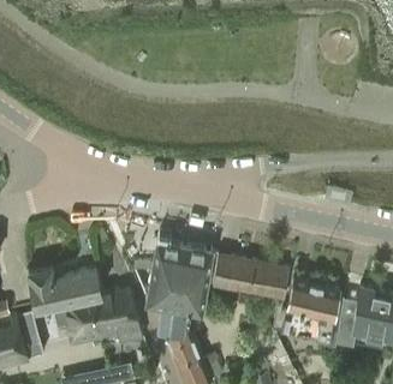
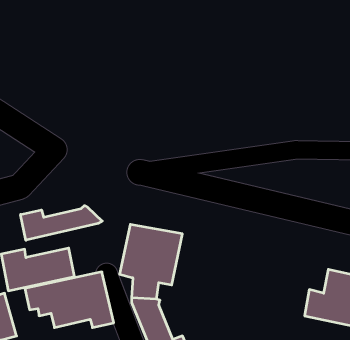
building: none -> [21,206,102,240]
building: [212,254,287,292] -> none
building: [286,277,339,336] -> none

